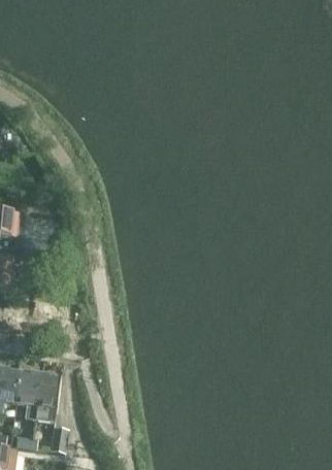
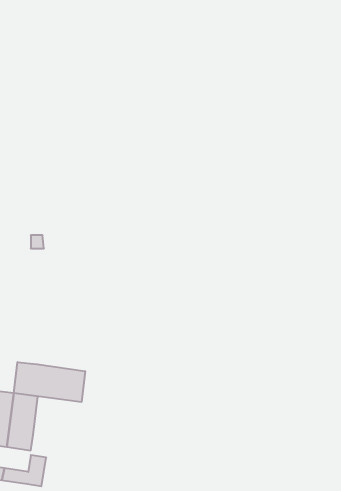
building: none -> [14,362,85,402]

